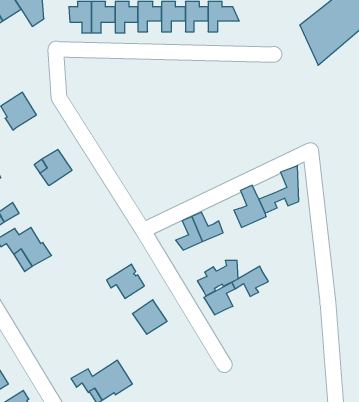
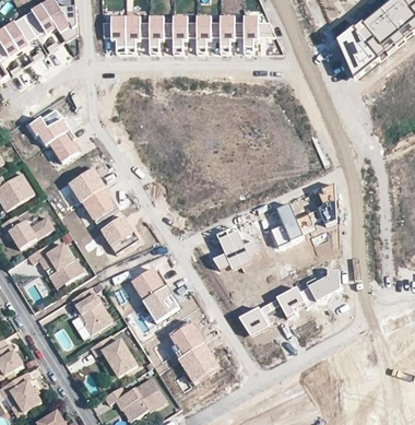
building: none -> [49,131,79,163]
building: none -> [82,187,118,223]
building: none -> [99,217,138,255]
building: none -> [128,265,164,298]
building: [197,260,238,296] -> [297,268,339,304]
building: none -> [71,288,111,335]
building: none -> [91,338,137,378]
building: none -> [180,340,216,378]

